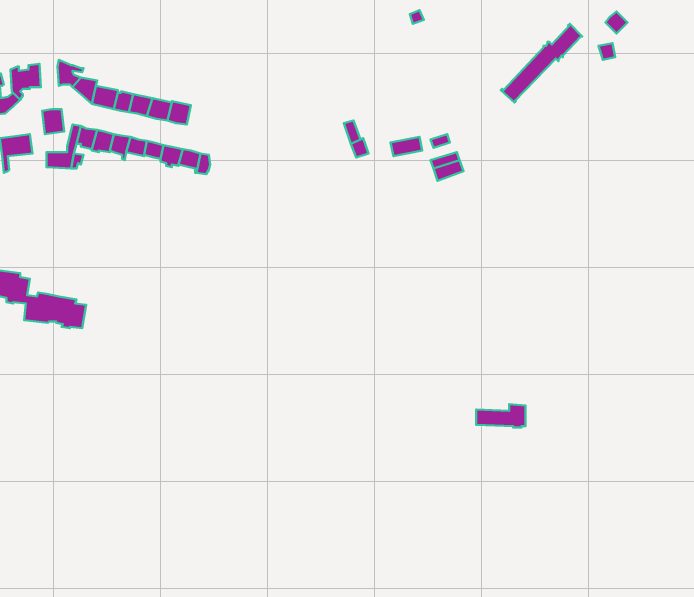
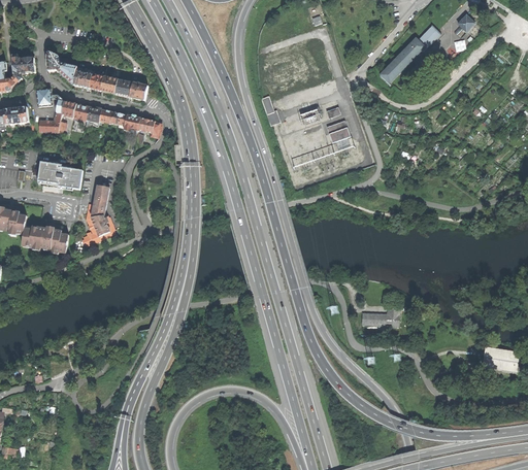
building: none -> [37,161,81,188]
building: none -> [80,184,113,244]
building: none -> [482,346,517,371]

